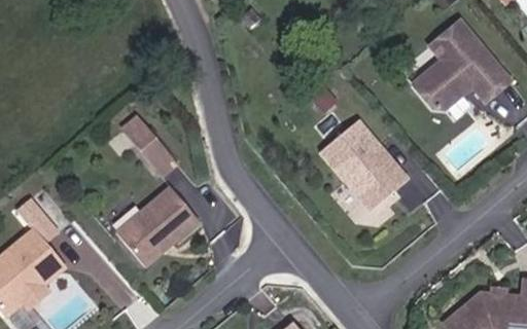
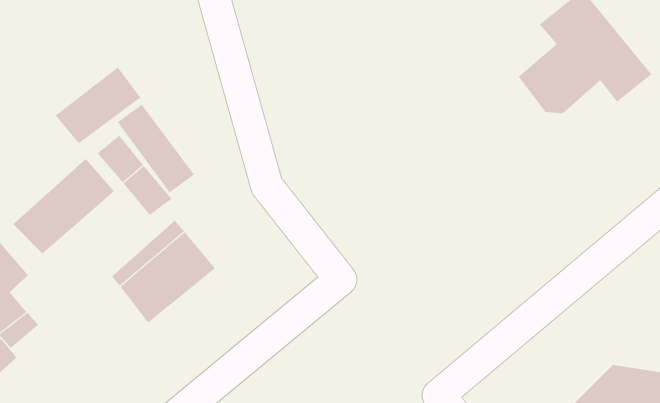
building: none -> [55,67,141,144]
building: [321,116,409,210] -> none
building: none -> [13,158,115,255]

